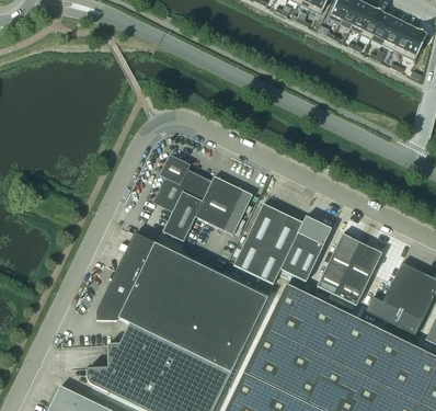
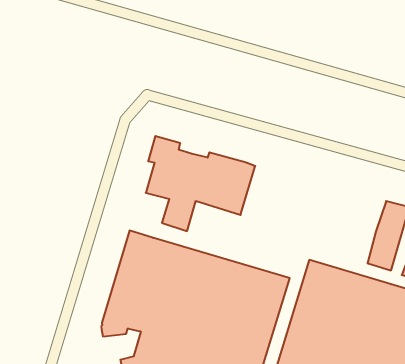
building: [234,205,332,285] -> none
building: [318,235,363,296] -> none

